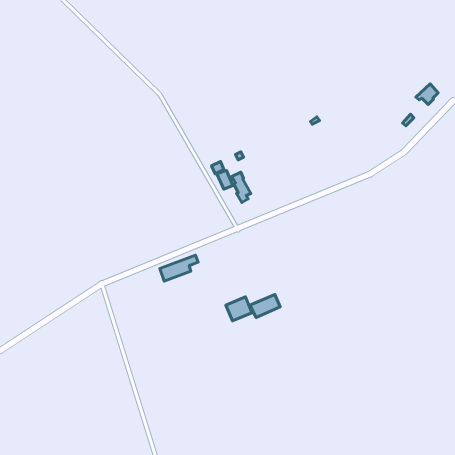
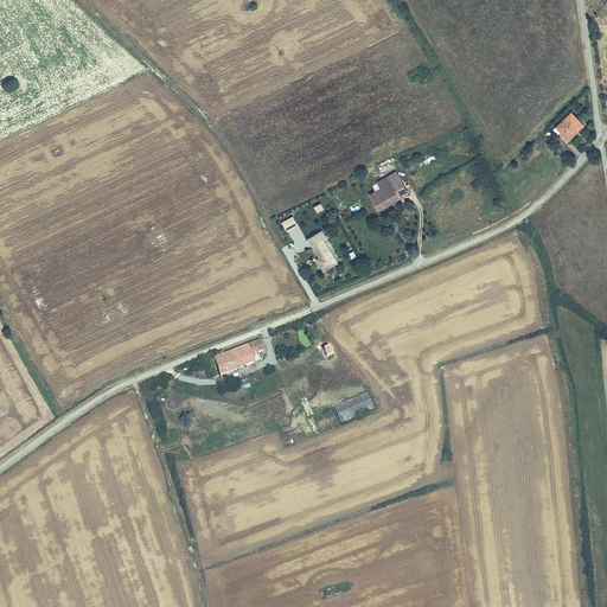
building: none -> [371,173,407,209]
building: [226,297,252,321] -> none

